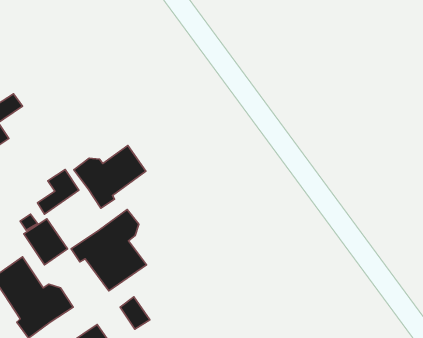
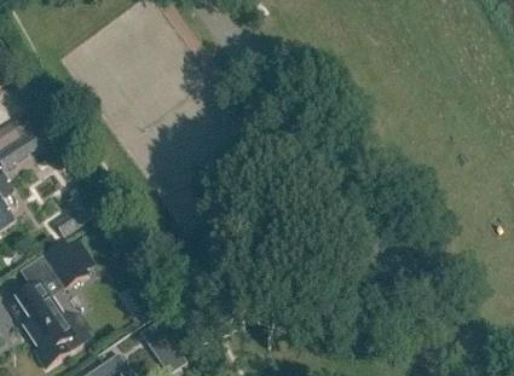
building: [74,145,146,208] -> none
building: [71,209,146,291] -> none

